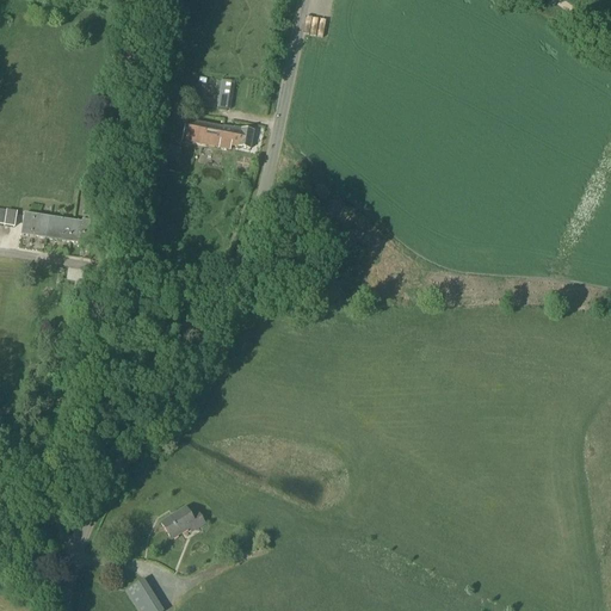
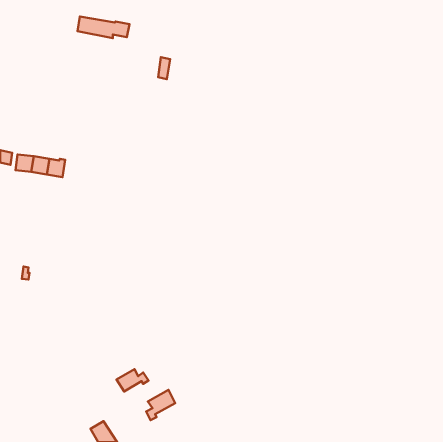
building: [183,119,254,149] -> [77,16,129,38]
building: none -> [146,390,175,420]

